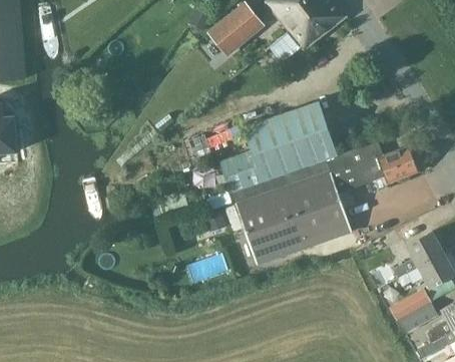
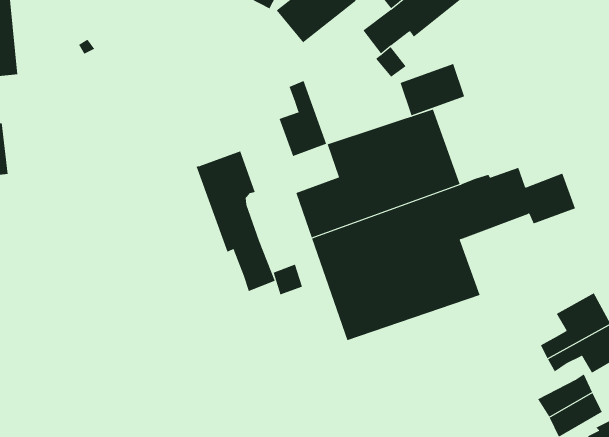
building: none -> [400,63,465,116]
building: none -> [279,80,327,157]
building: none -> [196,151,276,292]

